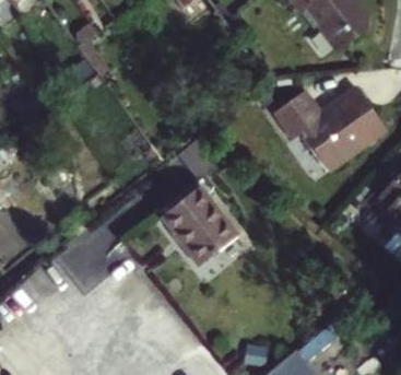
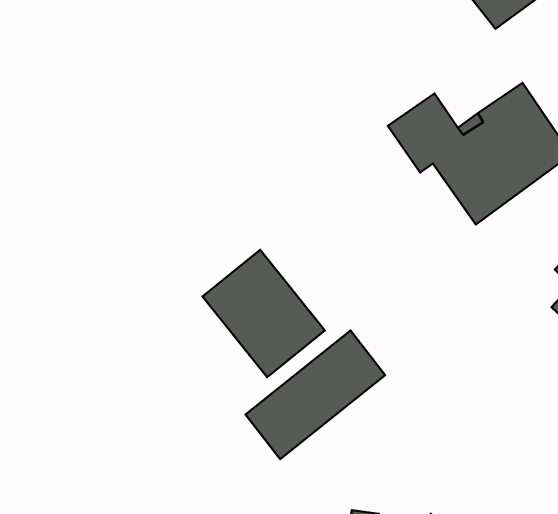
building: none -> [245,331,385,459]

